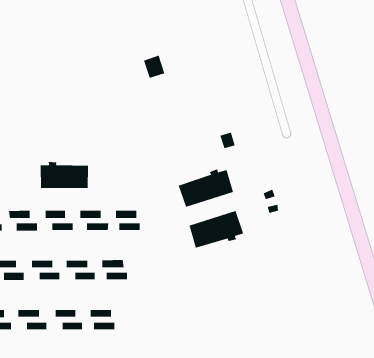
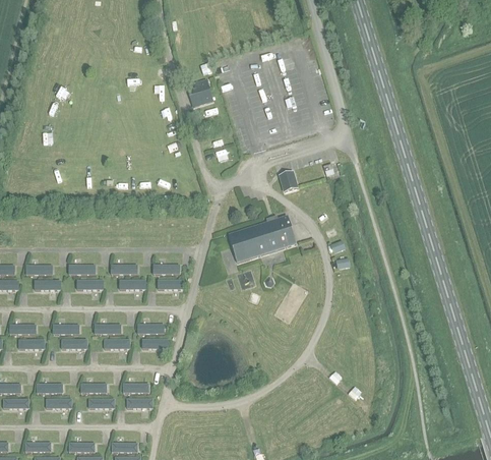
building: [40,161,89,189] -> none
building: [189,210,244,248] -> none

